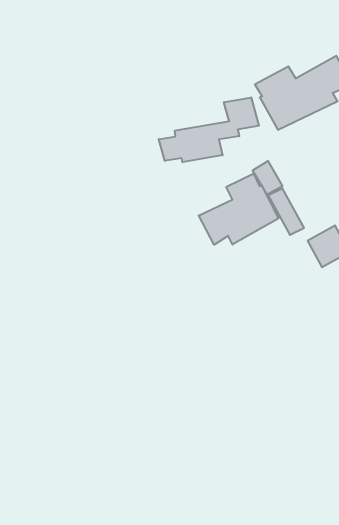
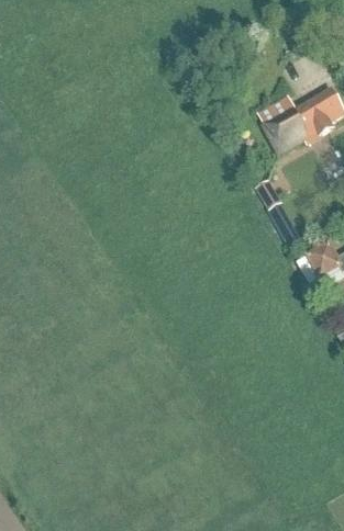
building: [159,97,259,162] -> none
building: [199,173,278,245] -> none

